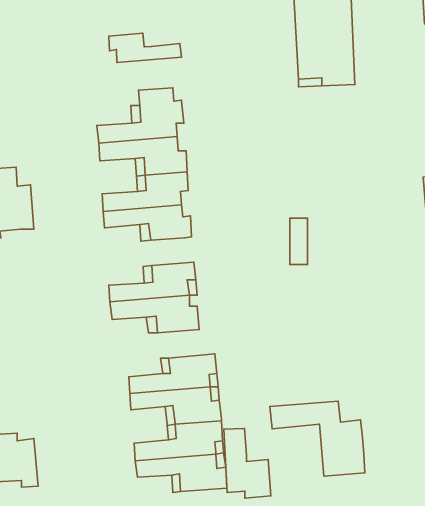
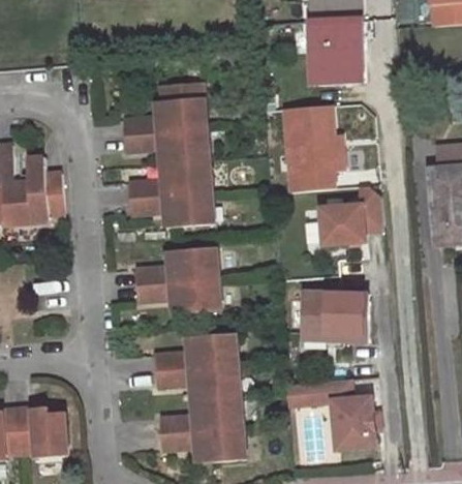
building: [109,33,181,63] -> none
building: none -> [283,102,345,189]
building: none -> [322,183,384,243]
building: none -> [304,291,367,338]
building: [224,428,271,498] -> none

